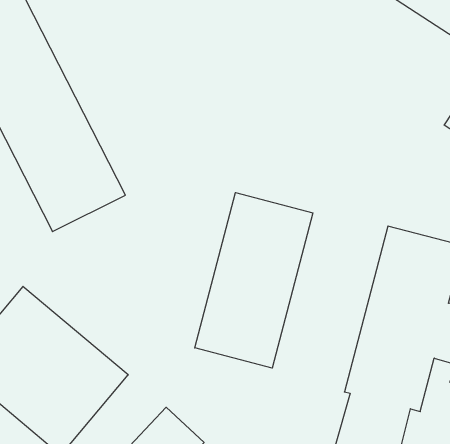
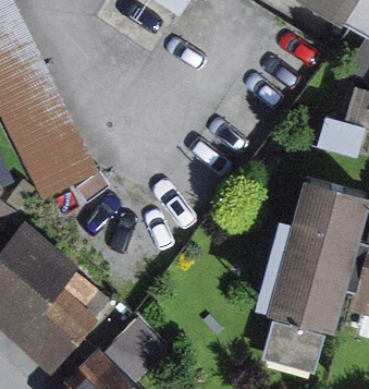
building: [195,193,313,368] -> none

